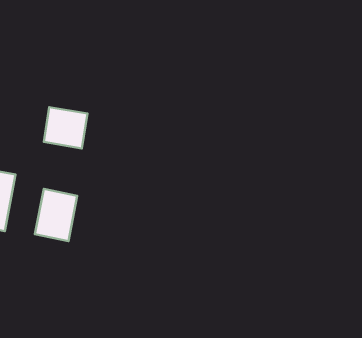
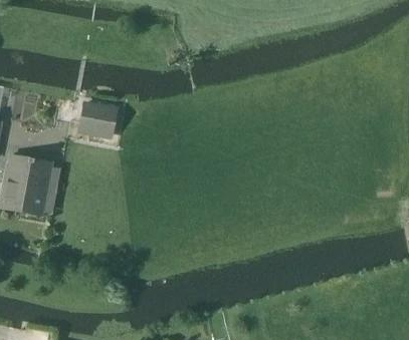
building: [35,189,77,241] -> none

